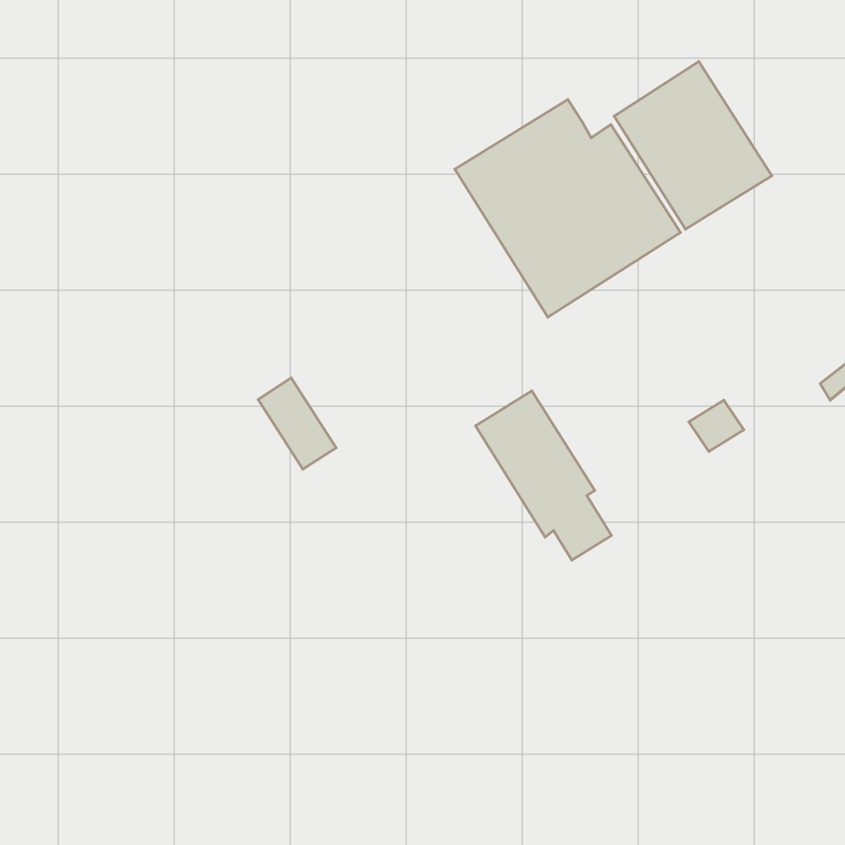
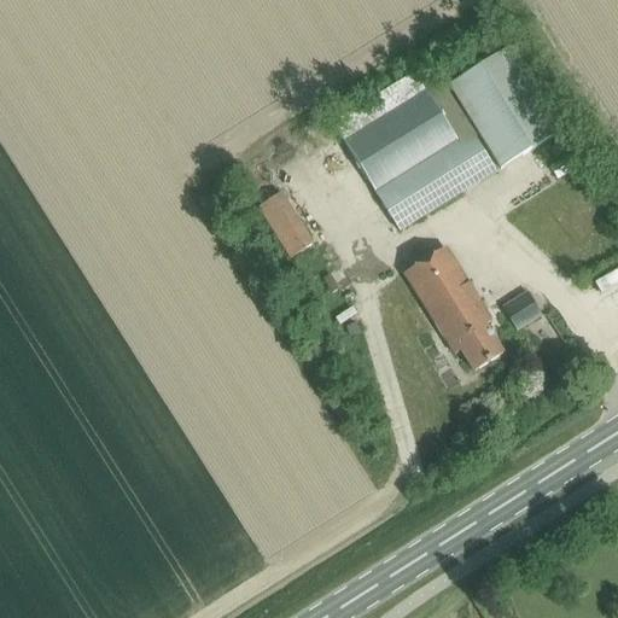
building: [258,378,336,469] -> [258,192,315,258]
building: [475,391,612,560] -> [406,247,505,371]

